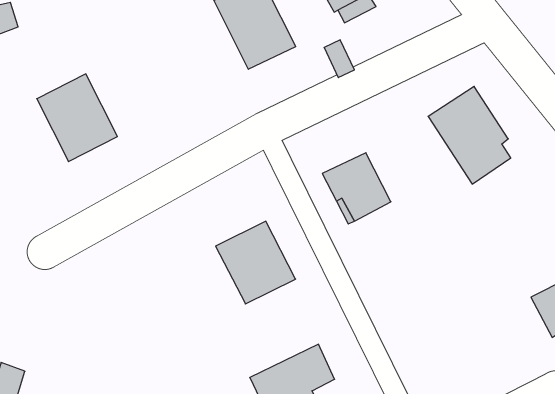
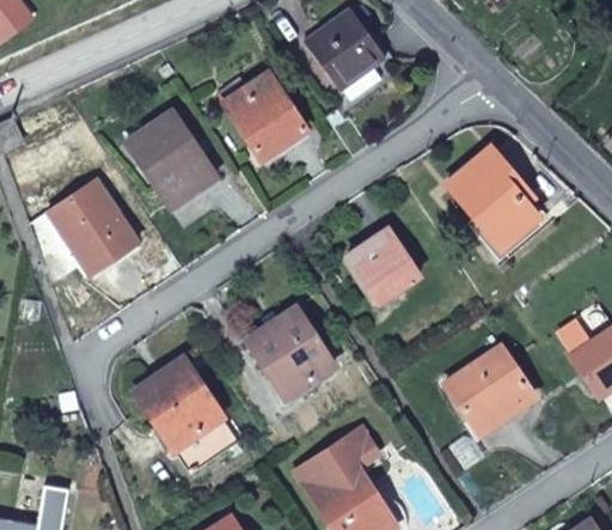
building: none -> [127,110,215,206]
building: none -> [135,358,238,471]
building: none -> [446,346,533,431]

